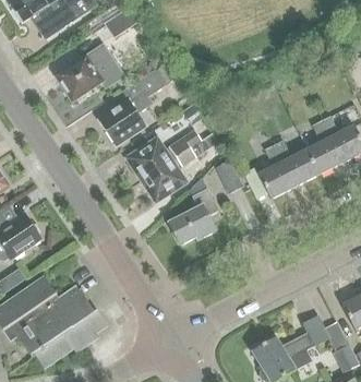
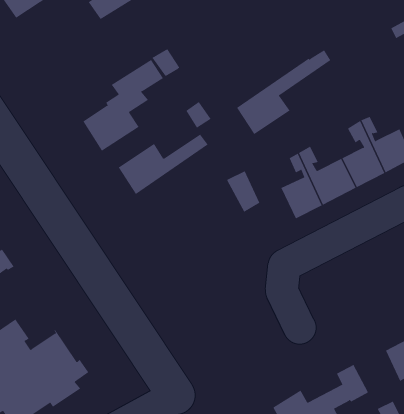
building: [57,44,120,99] -> none
building: [142,132,218,201] -> [236,49,331,135]
building: [169,177,218,244] -> none

